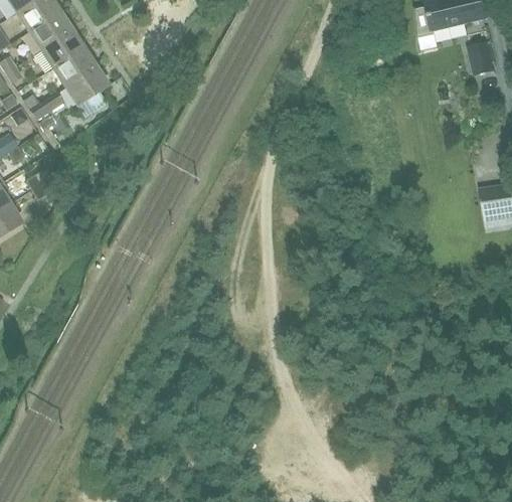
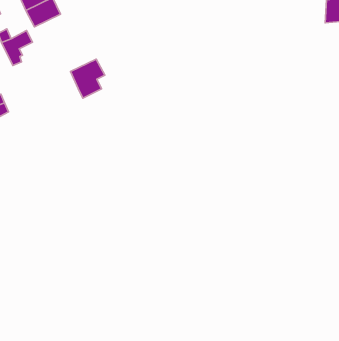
building: [66,65,109,115] -> [70,59,105,98]

